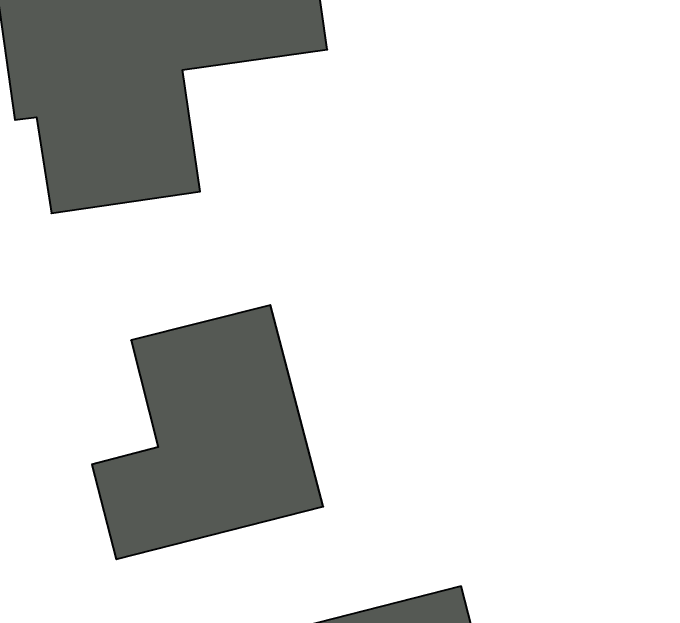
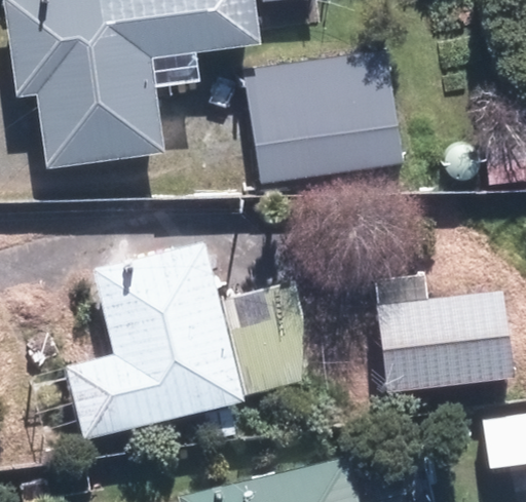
building: none -> [249,60,399,183]
building: none -> [382,293,516,391]

